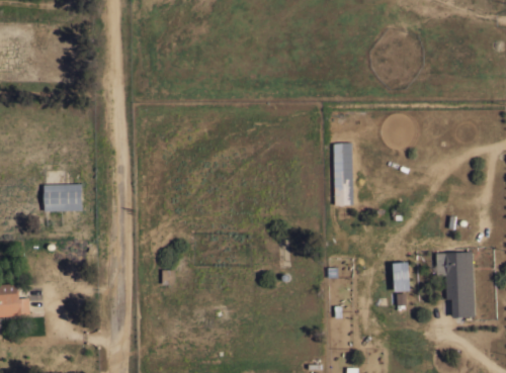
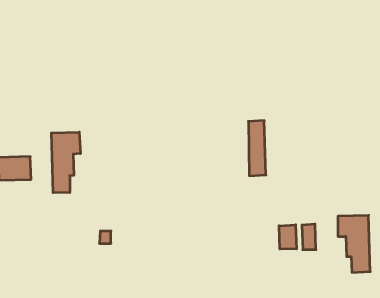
building: none -> [51,132,80,193]
building: none -> [279,225,296,249]

